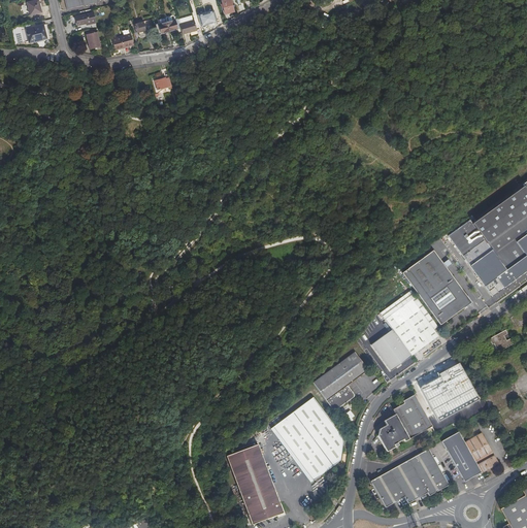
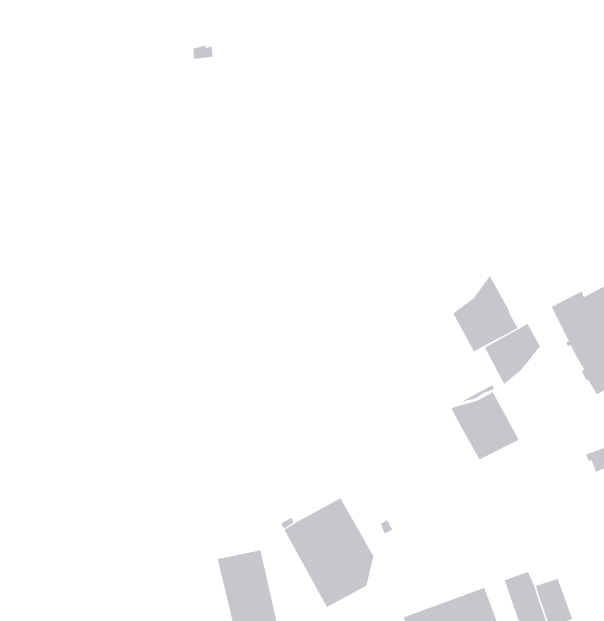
building: [421,266,471,326] -> [453,274,518,352]
building: [371,330,411,371] -> none
building: [312,353,368,411] -> none
building: [420,364,480,423] -> none
building: [380,395,432,451] -> none

